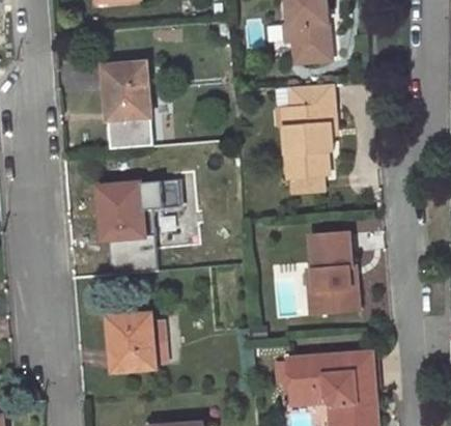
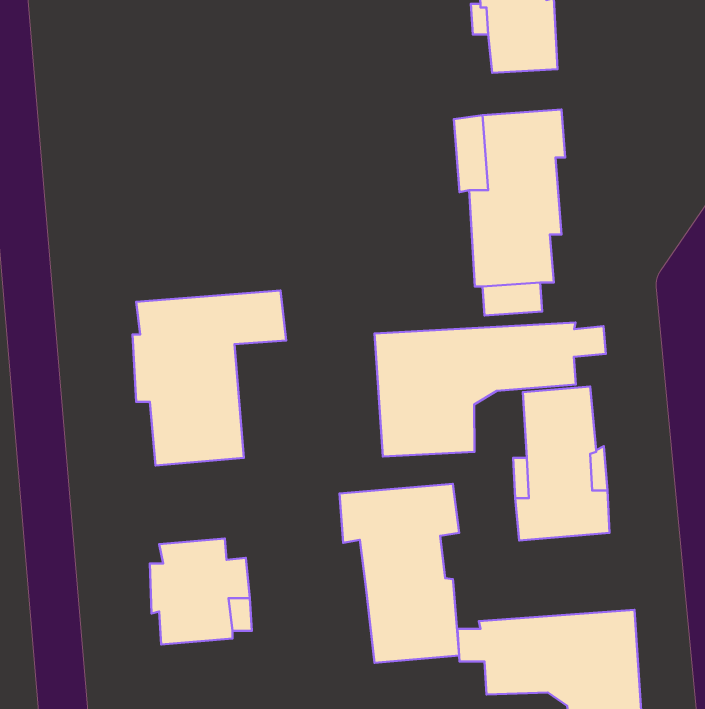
building: [105,62,152,148] -> none
building: none -> [375,323,606,456]
building: none -> [339,484,459,663]

